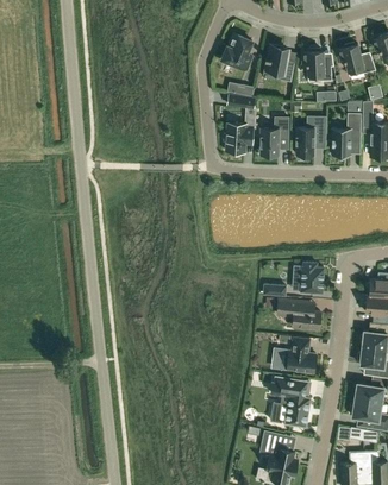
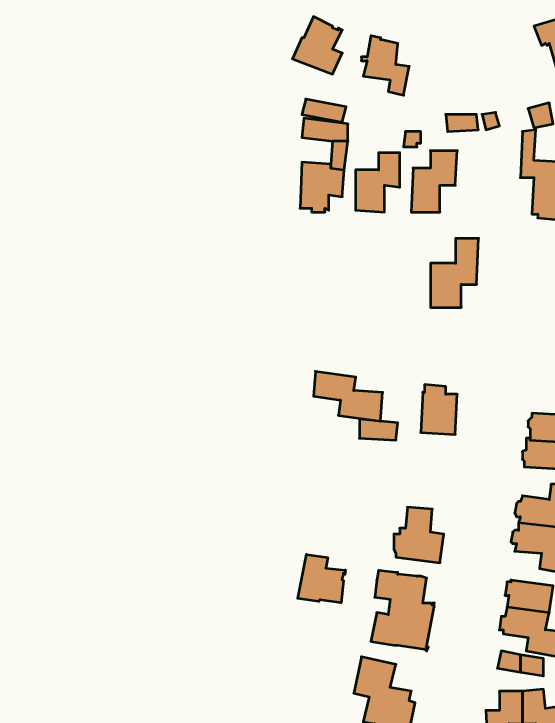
building: [337,43,376,76] -> none
building: [302,48,332,81] -> none
building: [332,112,362,155] -> [431,238,479,307]
building: [277,298,320,329] -> [314,371,383,421]
building: none -> [298,554,345,603]

